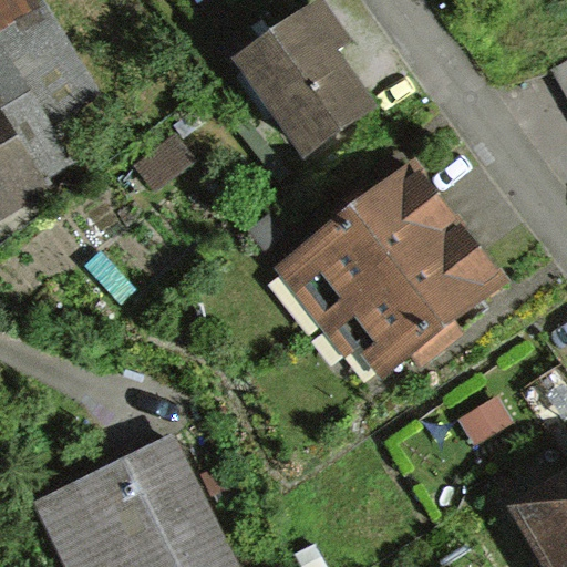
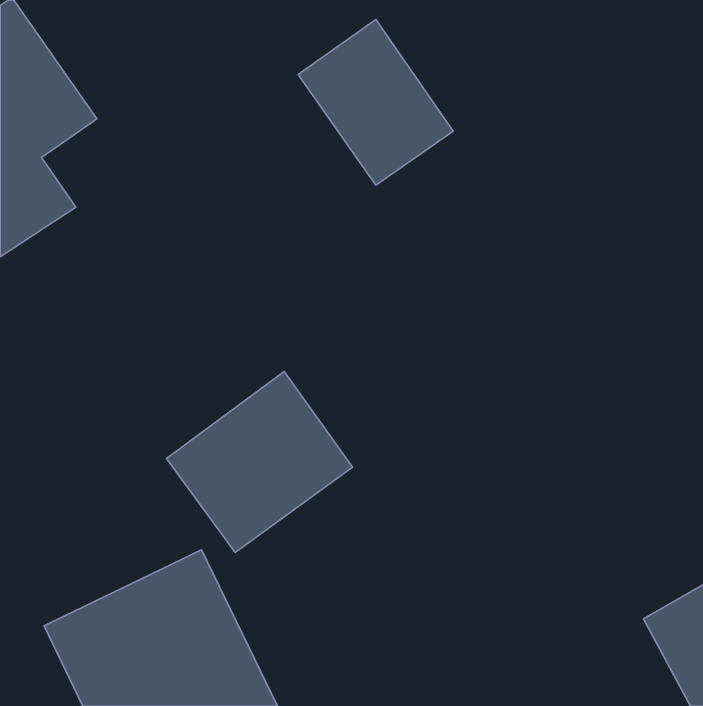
building: [281,175,487,374] -> none
building: none -> [166,372,353,553]

